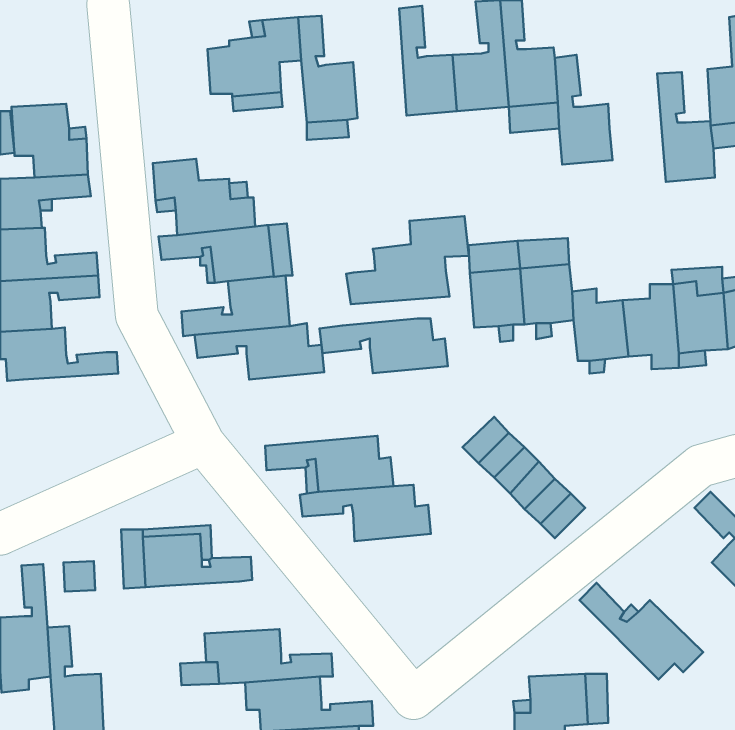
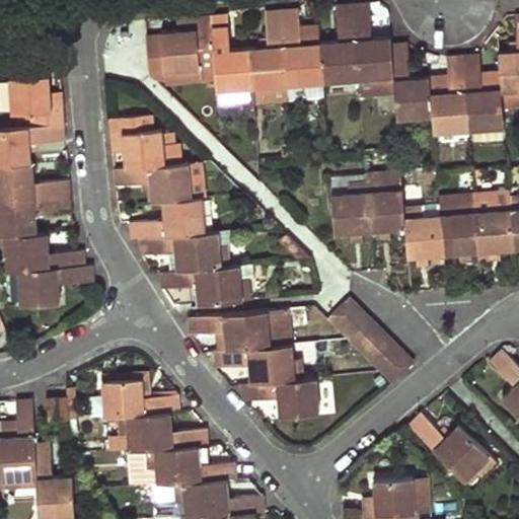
building: none -> [249,11,287,88]
building: none -> [429,57,469,136]
building: [346,216,469,304] -> none
building: [319,318,448,373] -> [160,267,250,305]
building: none -> [17,267,93,307]
building: none -> [240,379,318,418]
building: none -> [117,414,207,451]

